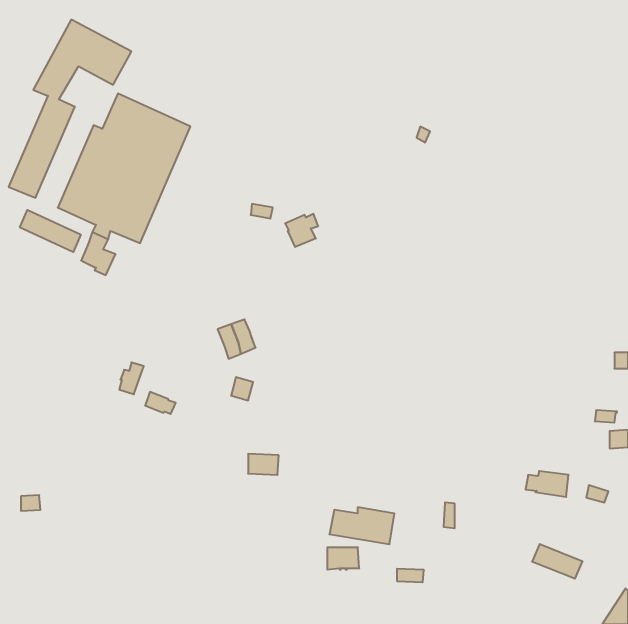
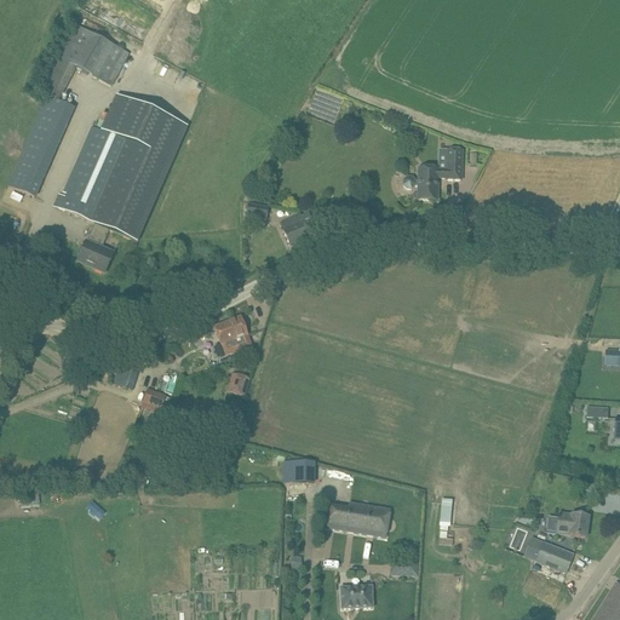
building: none -> [403,148,463,197]
building: [20,210,81,252] -> none
building: [248,454,279,475] -> [285,460,315,481]
building: [526,471,569,497] -> [546,511,589,536]
building: [327,547,359,570] -> [340,585,372,607]

